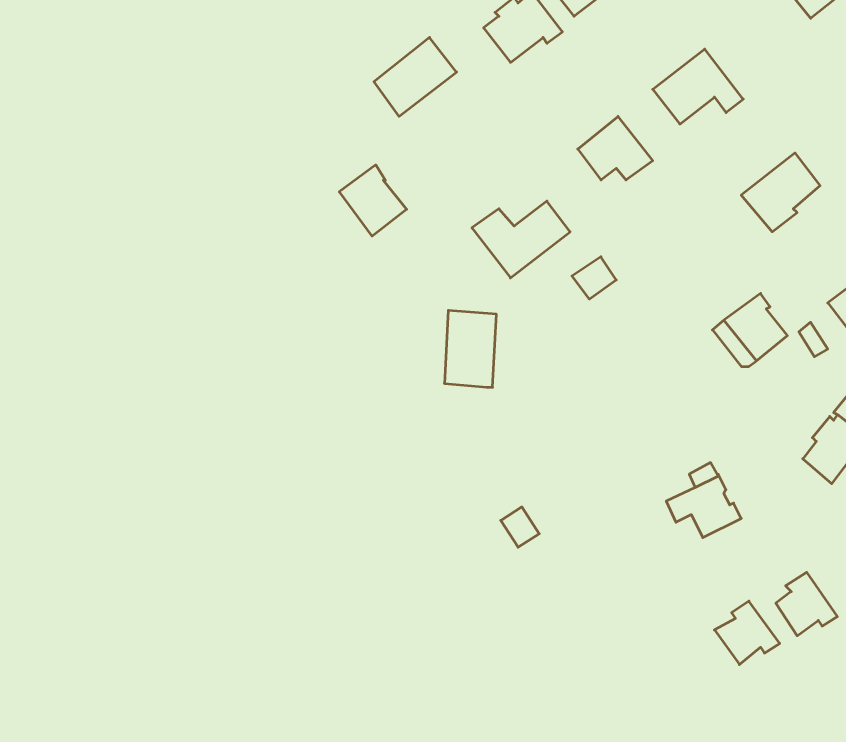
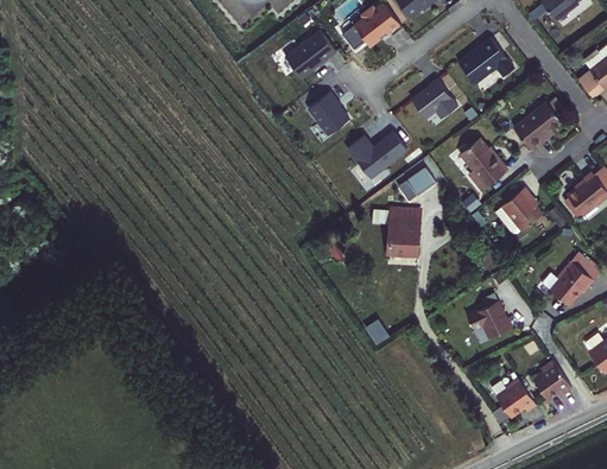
building: [339,165,407,236] -> [304,89,346,133]
building: none -> [460,139,507,191]
building: [444,310,496,387] -> [386,209,418,256]

